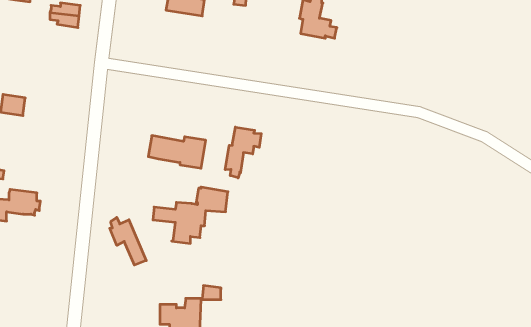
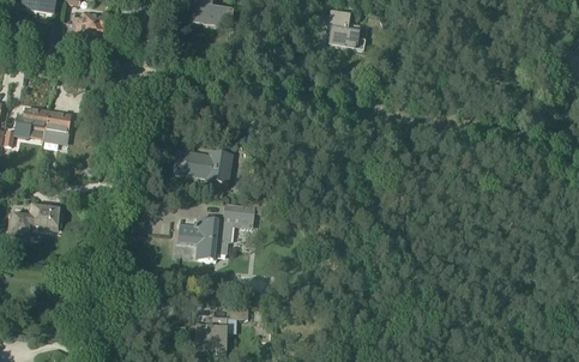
building: none -> [42,111,70,143]
building: [225,127,261,178] -> none
building: [110,217,146,265] -> none

